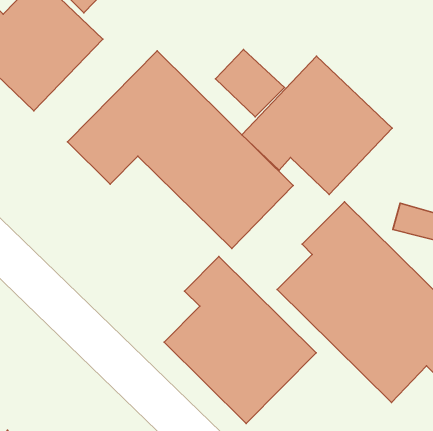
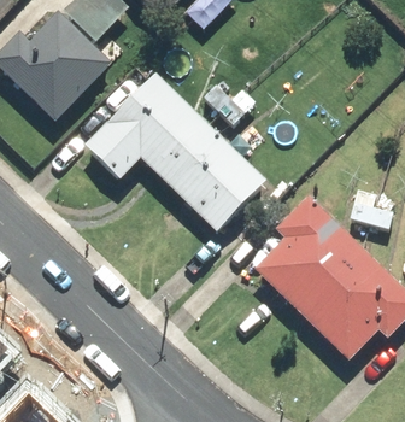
building: [242,56,392,194] -> none
building: [164,257,316,424] -> none

